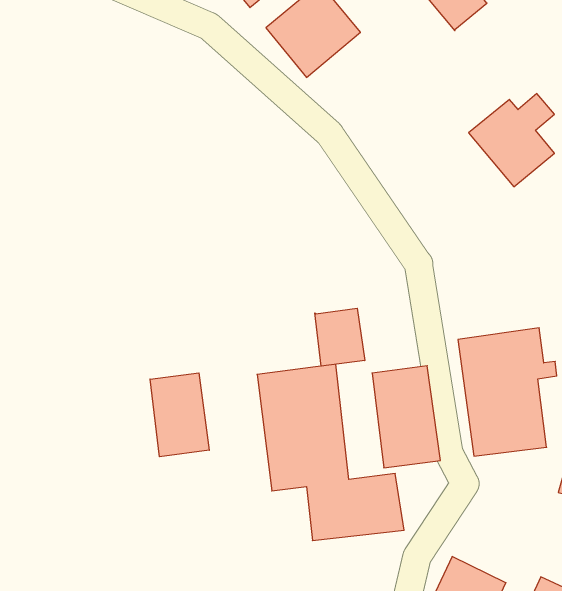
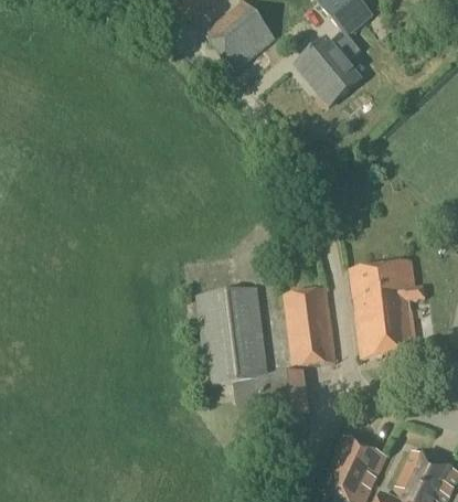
building: [469,94,554,187] -> [296,33,361,104]
building: [315,308,365,366] -> none
building: [150,373,209,457] -> none

